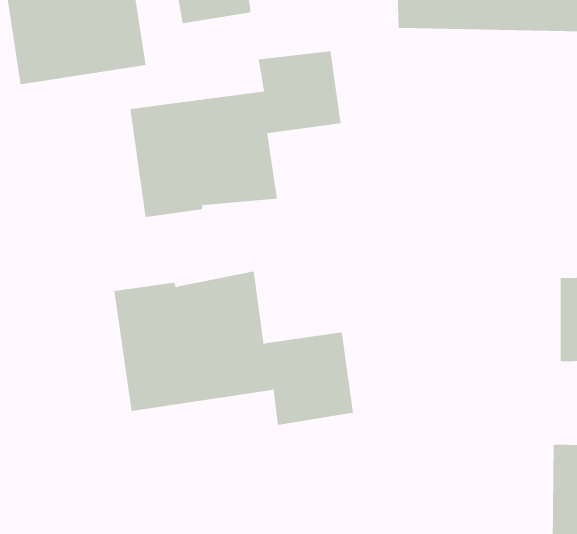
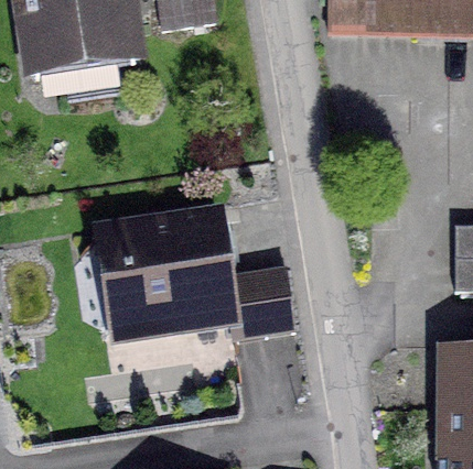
building: [130,50,341,218] -> none

